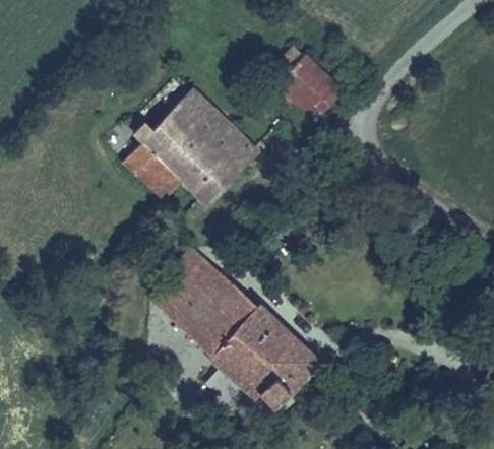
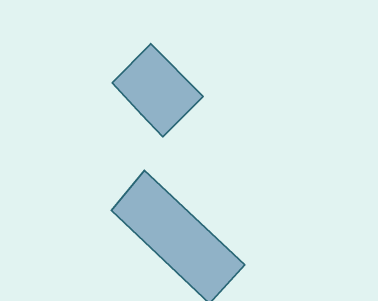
building: [285,55,344,124] -> none
building: [123,135,184,195] -> none

